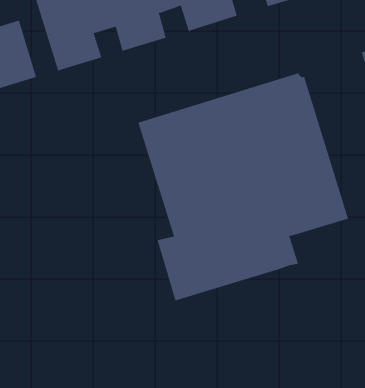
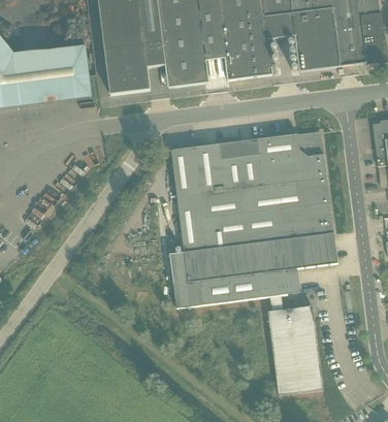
building: none -> [268,293,323,393]

